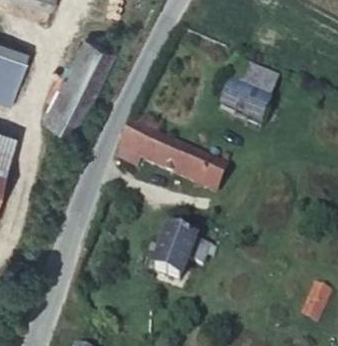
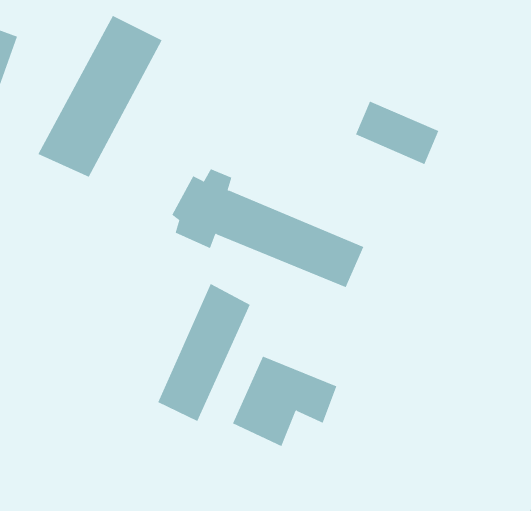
building: [227,70,275,107] -> none
building: none -> [158,283,250,422]

